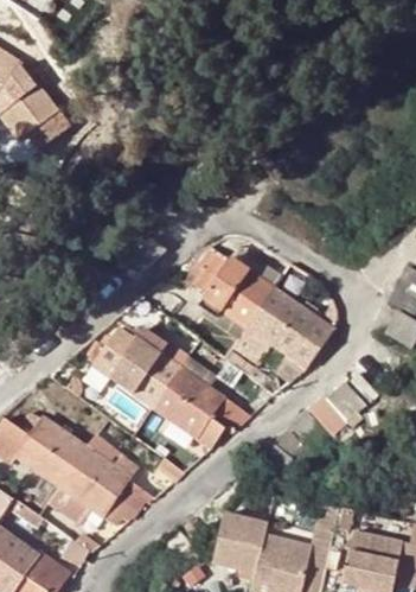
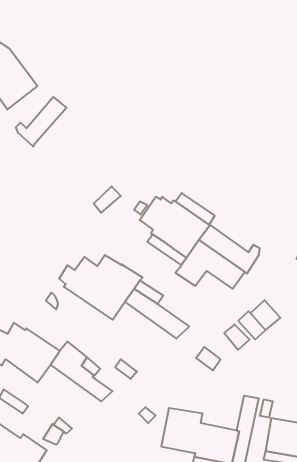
building: none -> [16,97,67,147]
building: [153,384,229,448] -> none
building: [46,464,139,526] -> none

